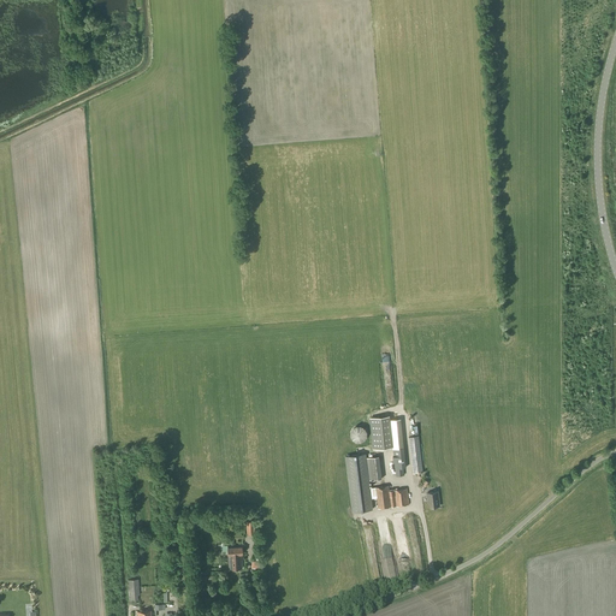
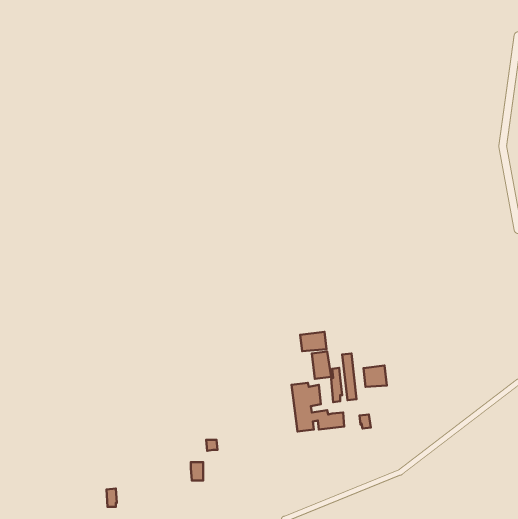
building: none -> [300,332,327,351]
building: none -> [364,366,387,387]

